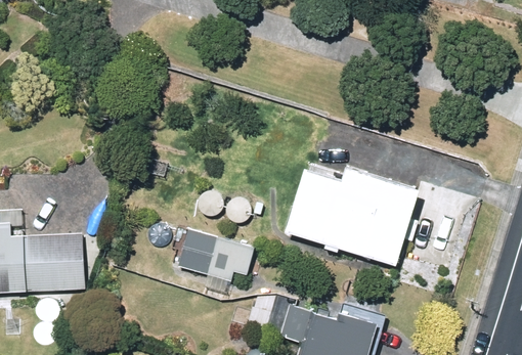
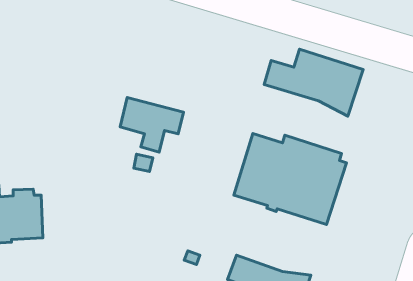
building: none -> [264,49,363,116]
building: [178,229,253,294] -> [120,97,184,152]

